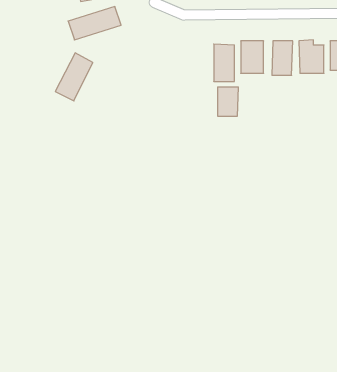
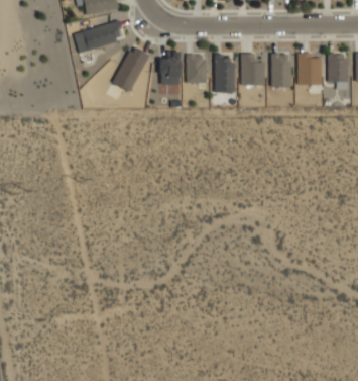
building: none -> [160,52,181,85]
building: [55,53,93,101] -> [113,45,149,92]
building: [218,87,238,116] -> [187,55,207,83]

